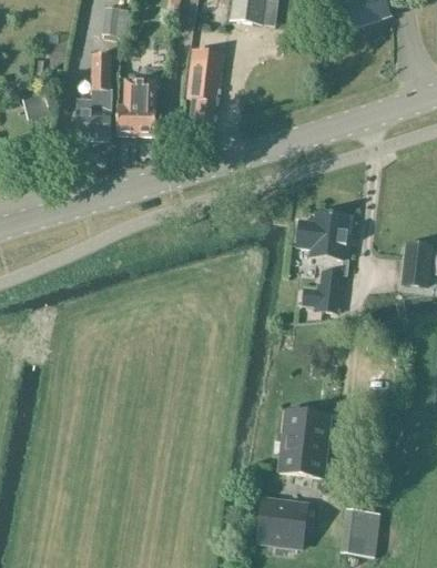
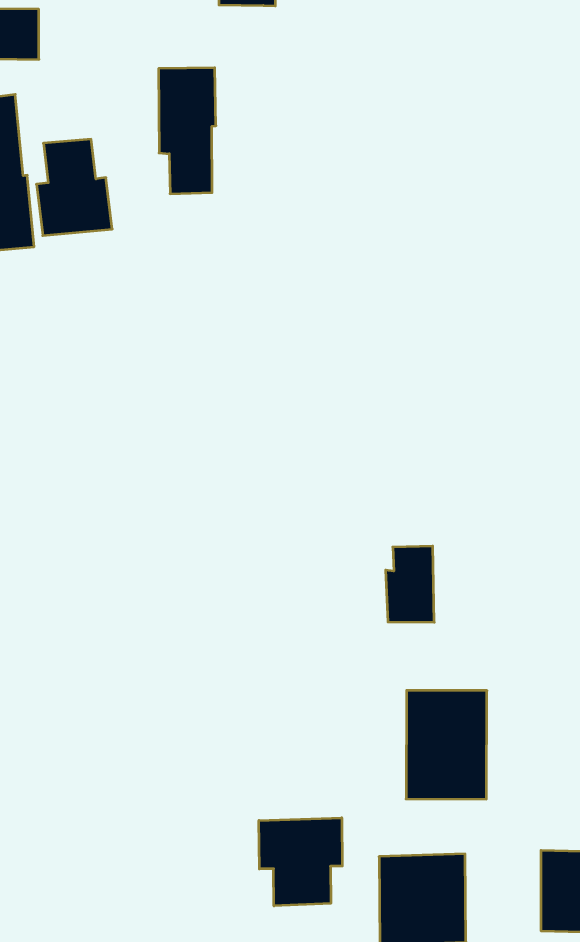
building: [295,209,350,260] -> none
building: [313,267,343,312] -> [386,546,434,622]
building: none -> [259,818,342,906]

